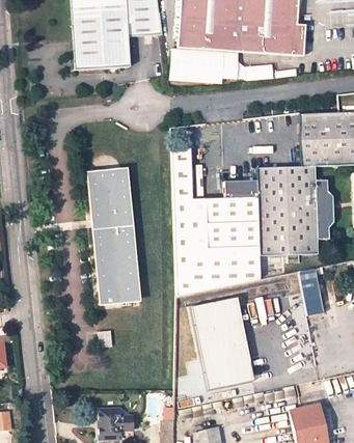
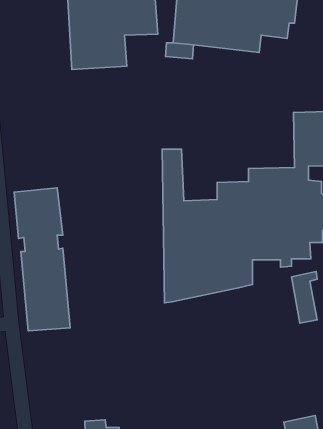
building: [266,26,306,58] -> none
building: [87,167,141,305] -> [14,188,70,331]
building: [188,297,252,391] -> none

